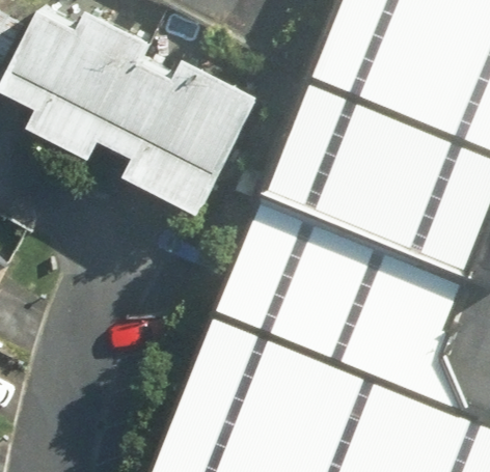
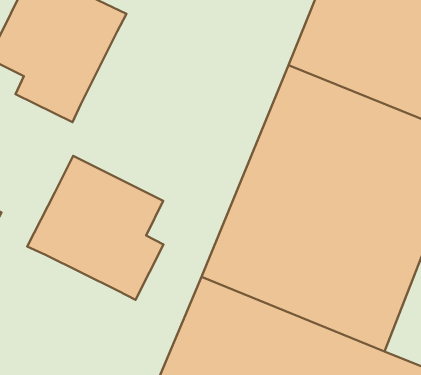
building: [104,53,264,212] -> none
building: none -> [27,156,163,300]

